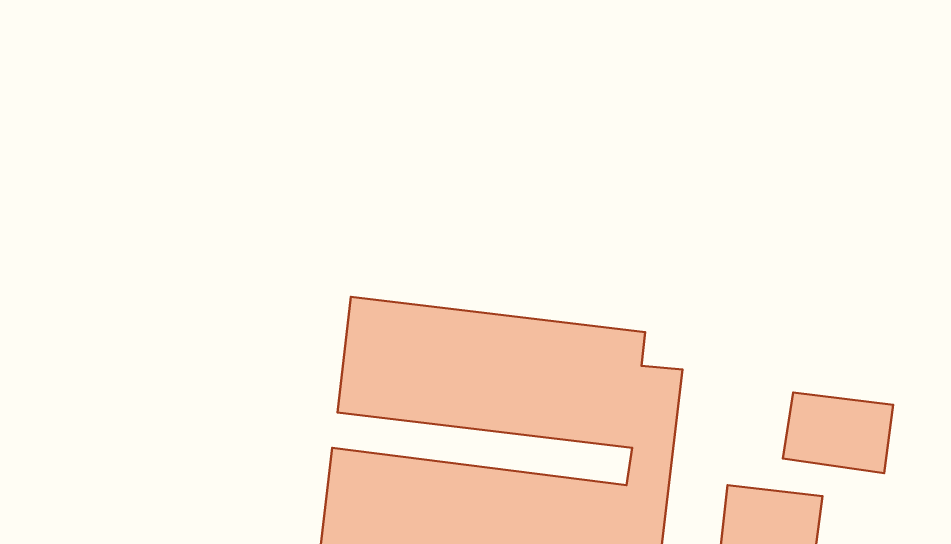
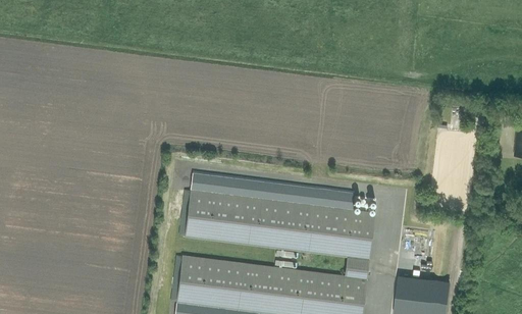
building: [783,392,893,473] -> none

